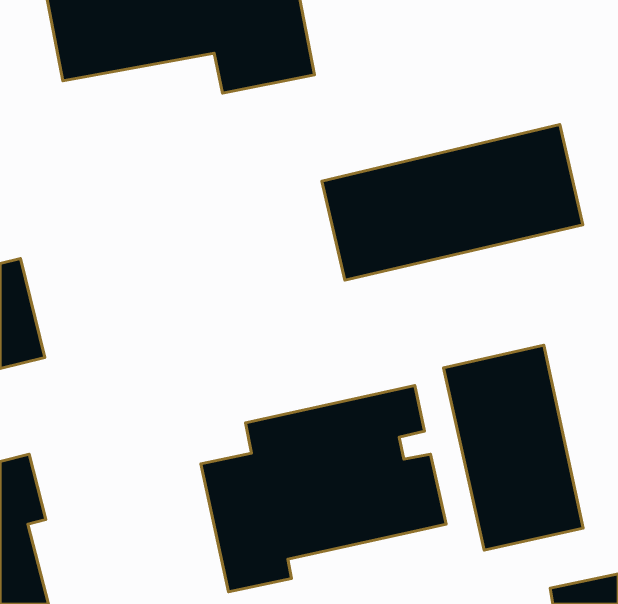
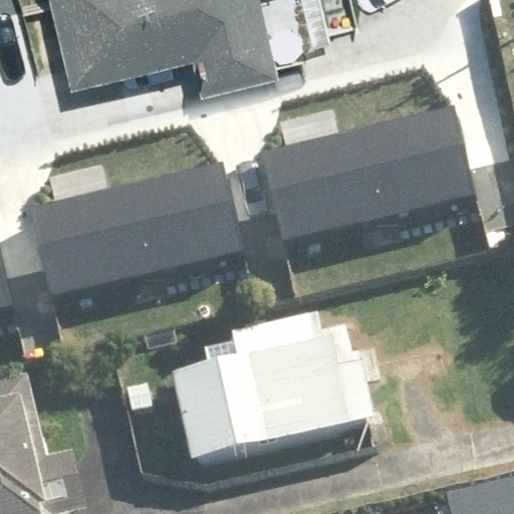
building: none -> [41,161,259,290]
building: [444,345,583,550] -> none

